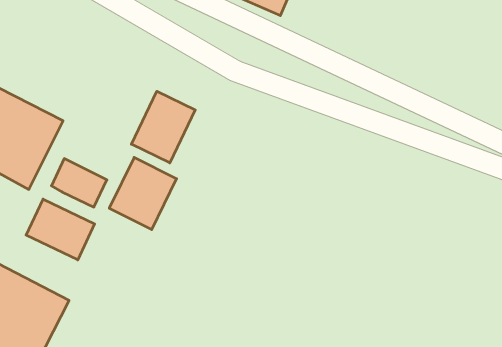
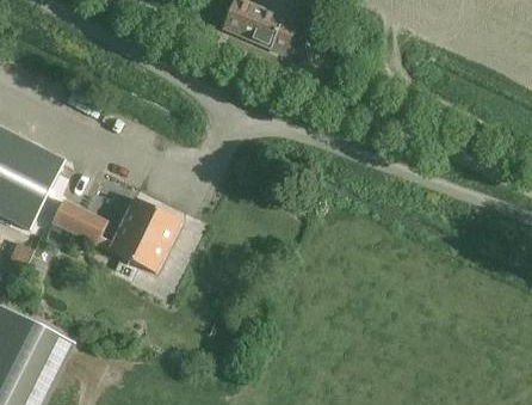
building: [131,91,195,163] -> none
building: [26,199,95,260] -> none

